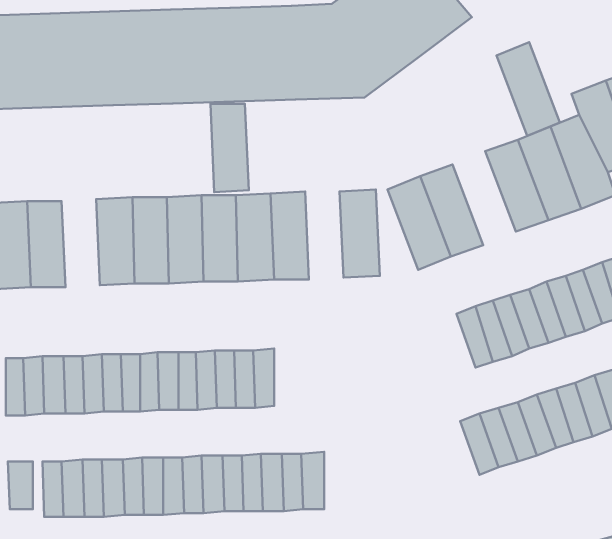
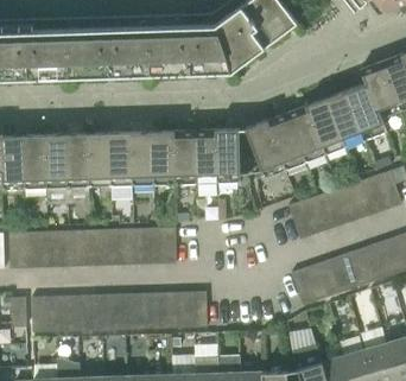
building: [496,42,560,136] -> [286,104,325,163]
building: [210,104,249,192] -> [195,129,218,184]
building: none -> [44,134,68,189]

